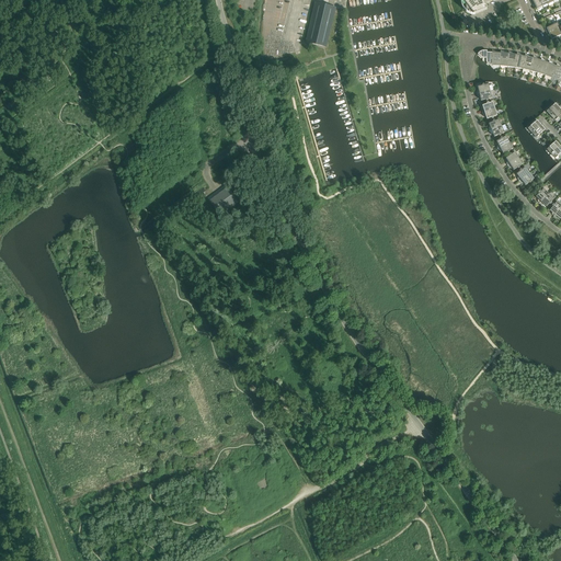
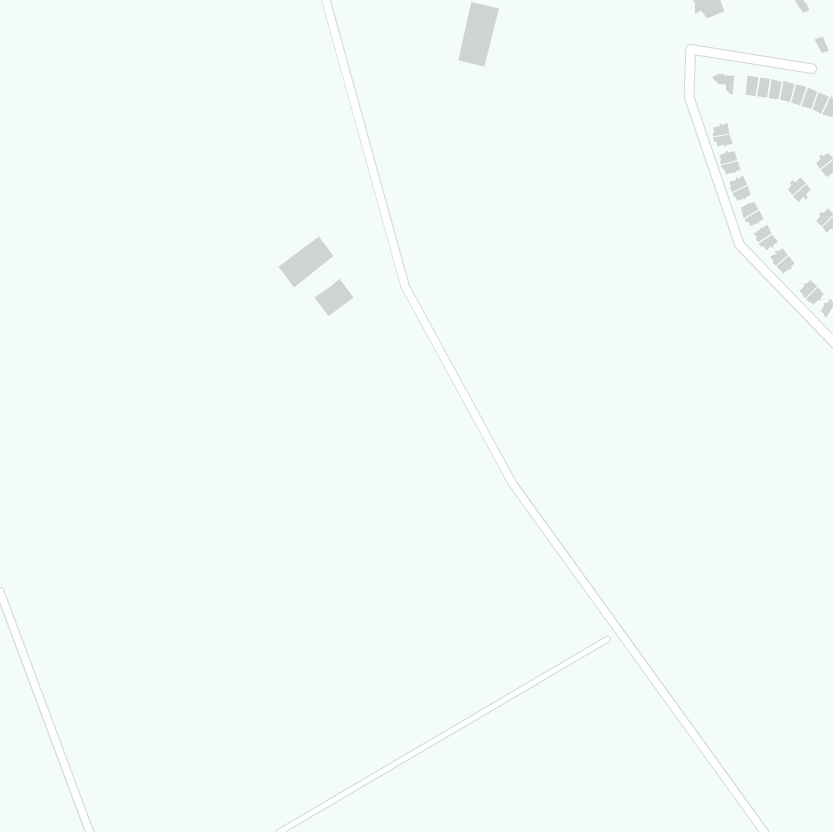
building: none -> [278,236,335,288]

